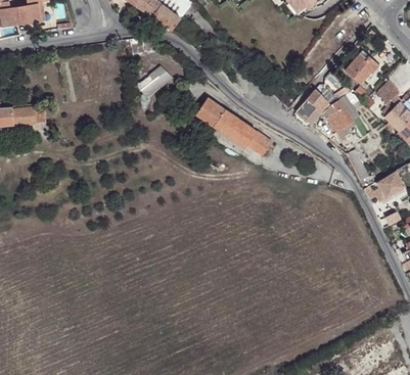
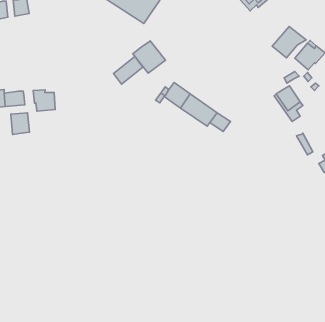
building: none -> [133,41,165,73]
building: [295,89,334,125] -> [272,27,306,58]
building: none -> [33,90,55,111]
building: none -> [11,113,30,135]

